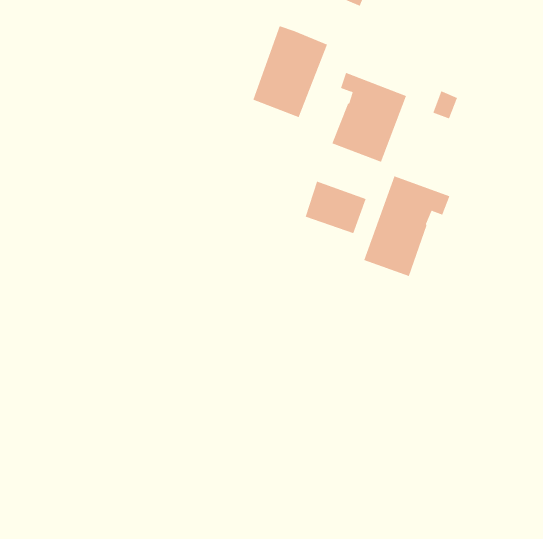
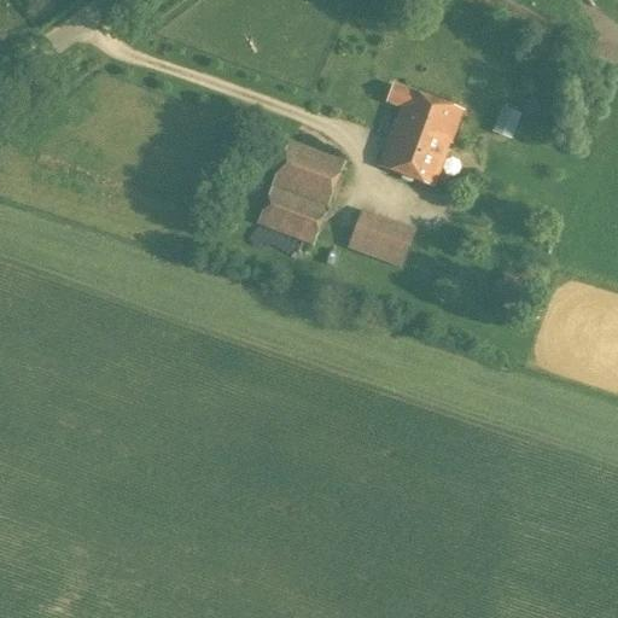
building: [252,25,328,118] -> [258,138,344,243]
building: [364,175,450,277] -> none

